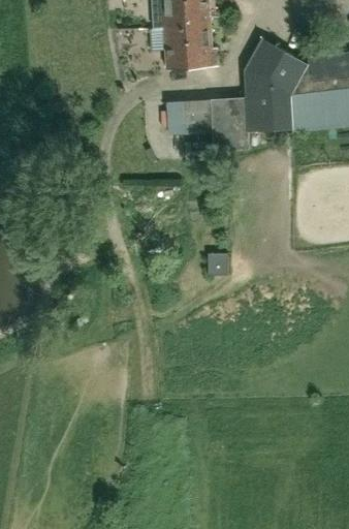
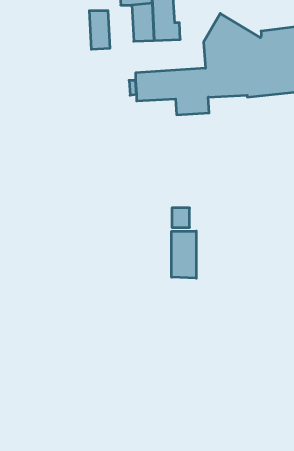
building: none -> [89,11,110,49]
building: none -> [172,231,196,278]

